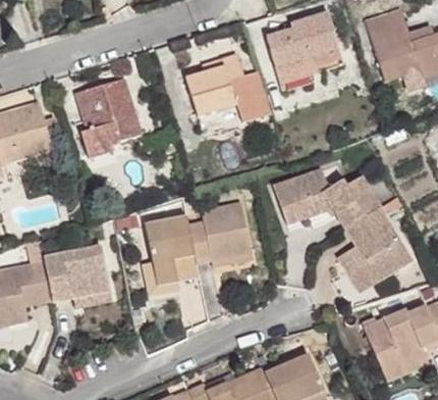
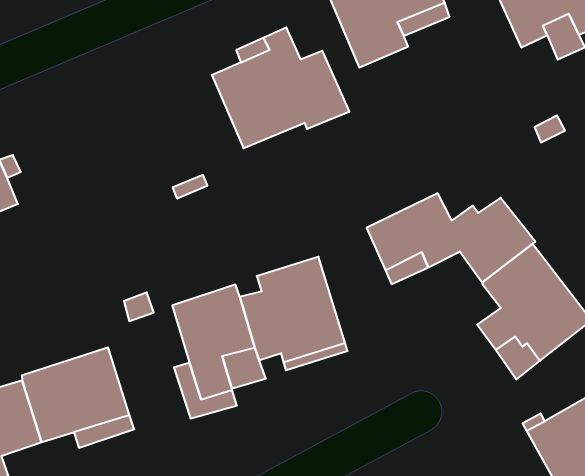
building: [76,78,140,156] -> none

